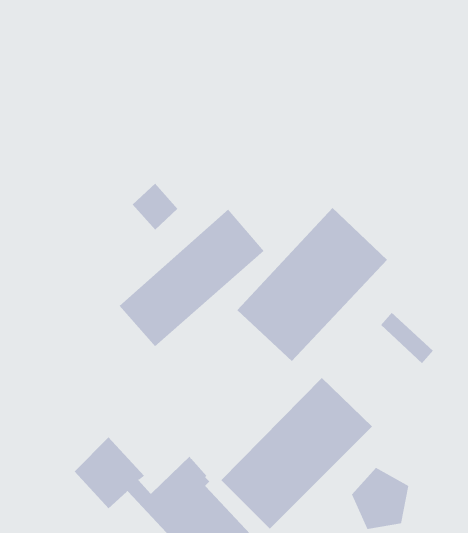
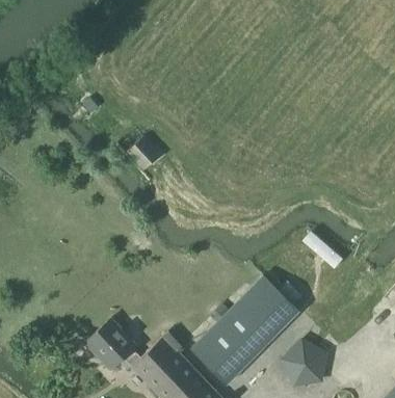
building: [236,207,388,362] -> none
building: [119,209,264,347] -> none

